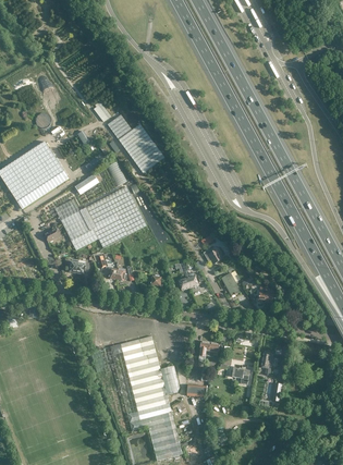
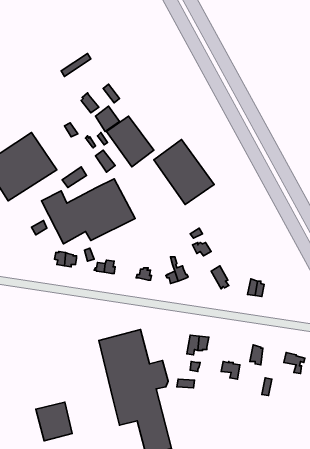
building: none -> [154,139,214,205]
building: none -> [36,402,72,441]

